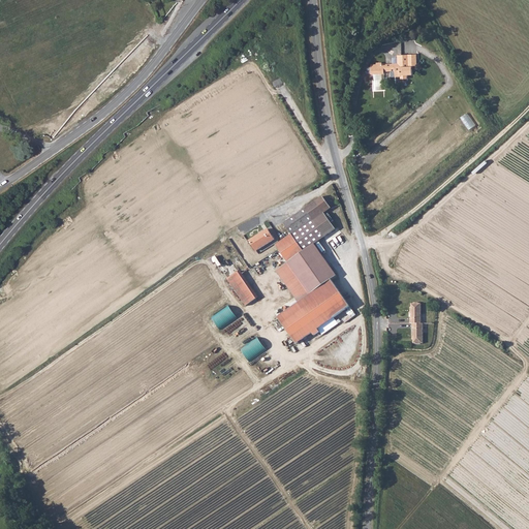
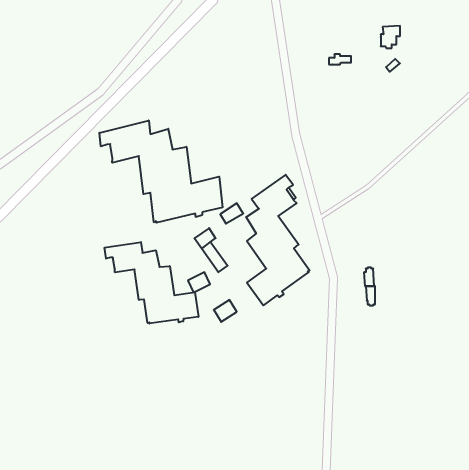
building: [394,54,415,79] -> [381,26,400,48]
building: none -> [99,120,223,223]
building: none -> [105,242,198,324]

